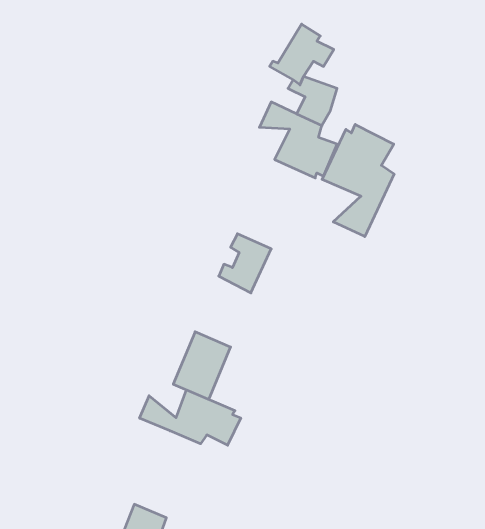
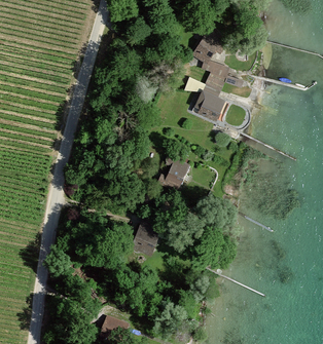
building: [322,124,394,237] -> none
building: [140,390,241,445] -> none

